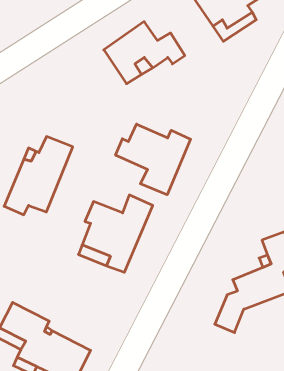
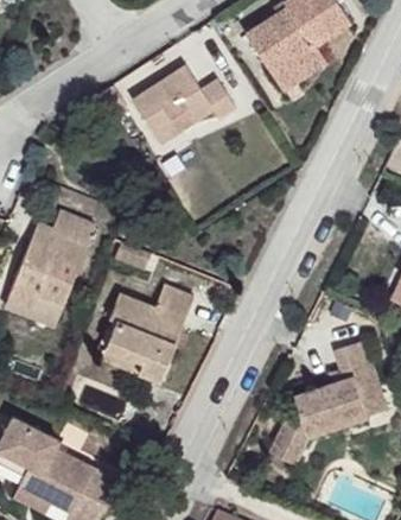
building: [116,124,191,195] -> none

